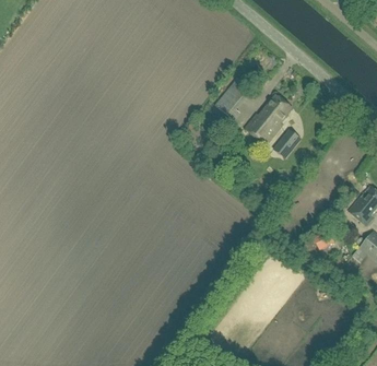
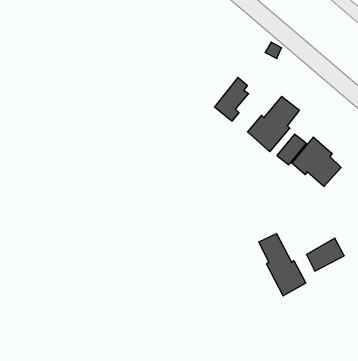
building: none -> [292,137,341,187]
building: none -> [259,234,306,296]

